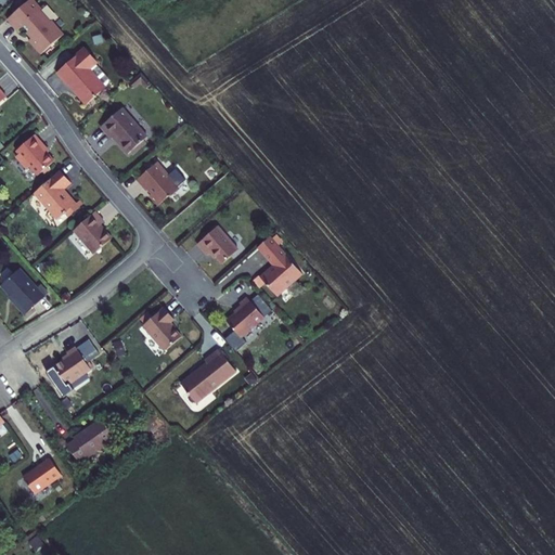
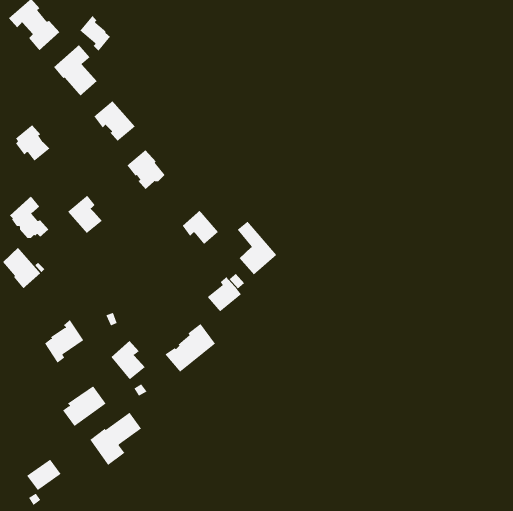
building: none -> [79,15,111,51]
building: [36,169,79,216] -> [9,195,49,239]
building: [141,307,179,350] -> [110,340,145,380]
building: none -> [89,412,142,466]
building: [24,456,62,491] -> [26,459,61,491]

